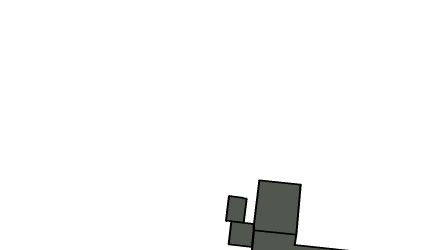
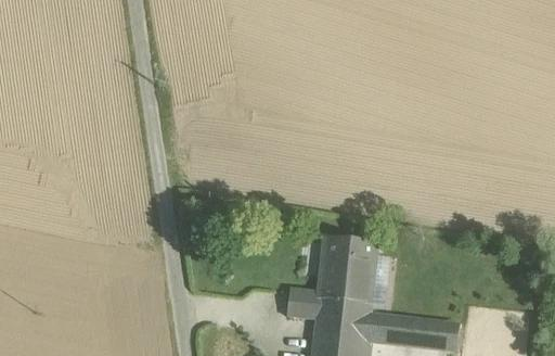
building: [226,196,246,223] -> none

